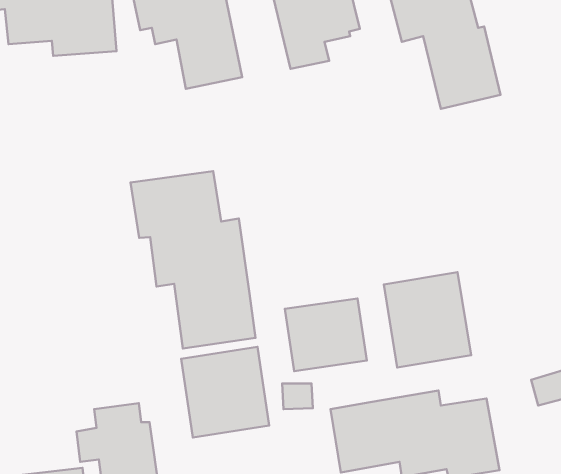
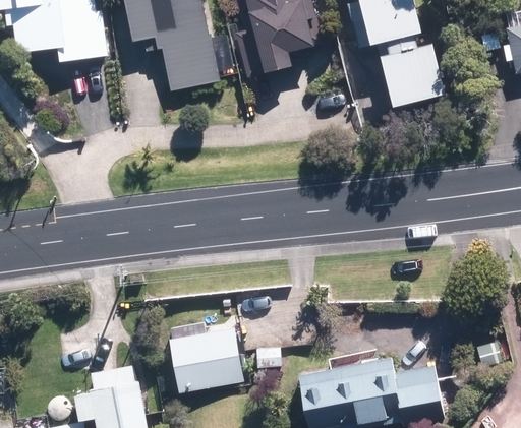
building: [131,171,256,349] -> none
building: [384,272,471,368] -> none
building: [285,298,367,371] -> none

